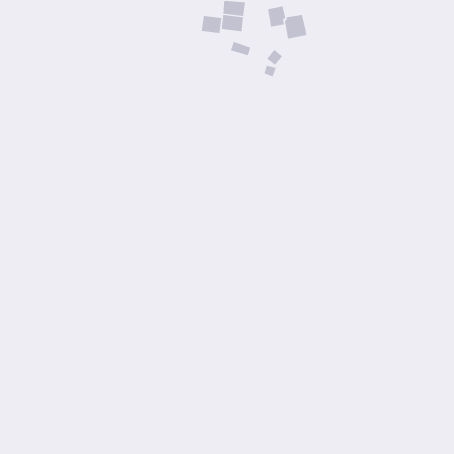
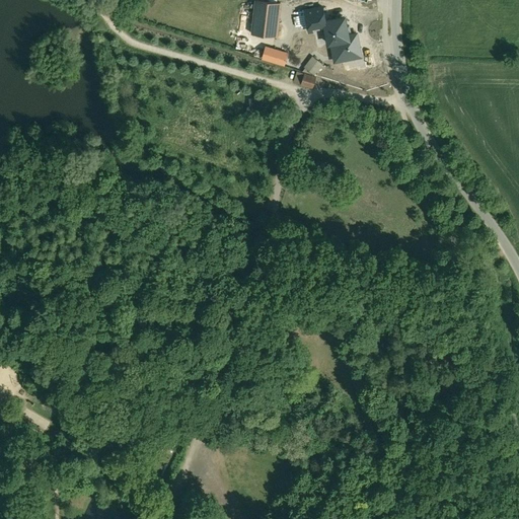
building: [201,15,222,34] -> none
building: none -> [329,33,361,64]

